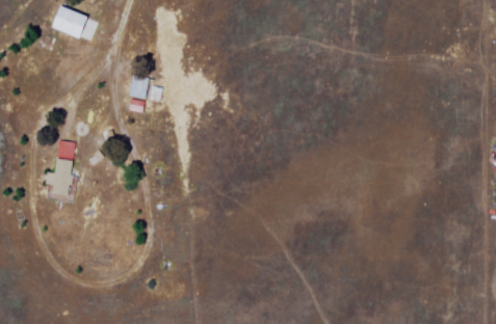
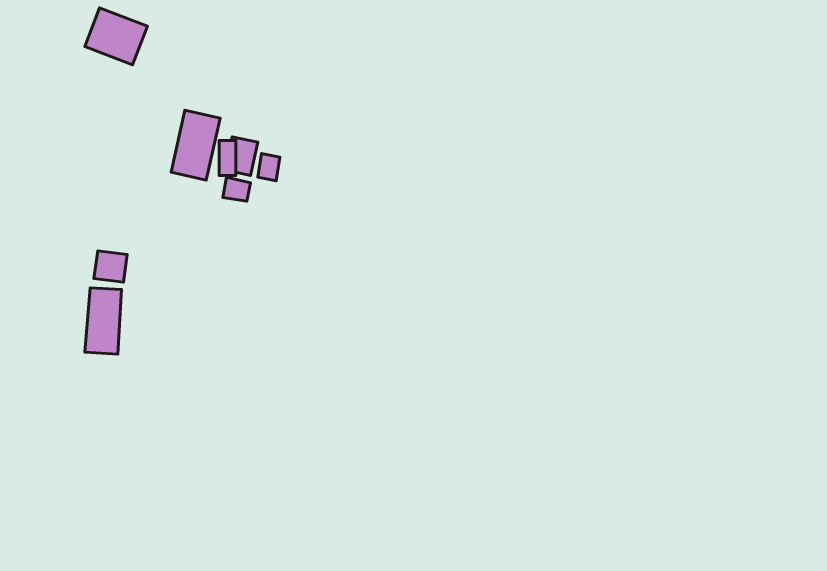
building: none -> [171,110,220,180]

